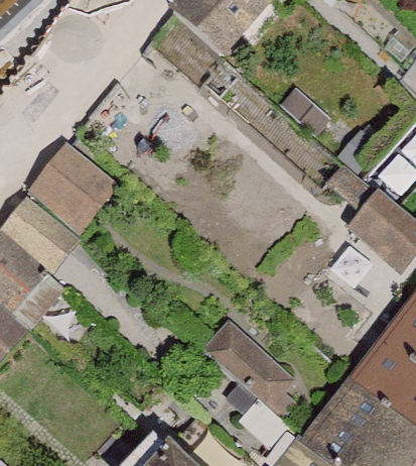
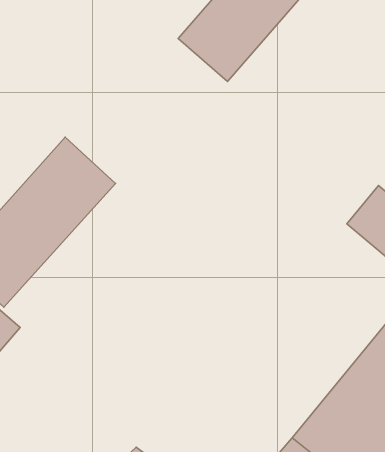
building: [200,318,307,416] -> none

